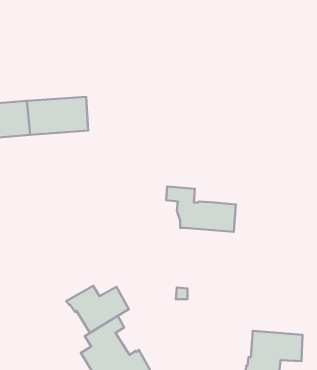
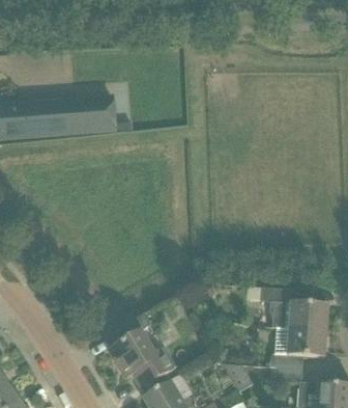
building: [166,187,236,232] -> [259,287,327,331]
building: [66,286,129,333] -> none

